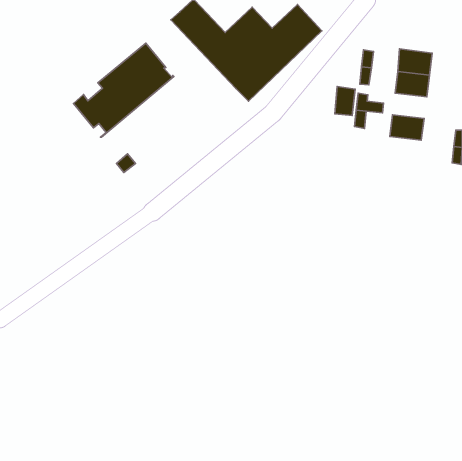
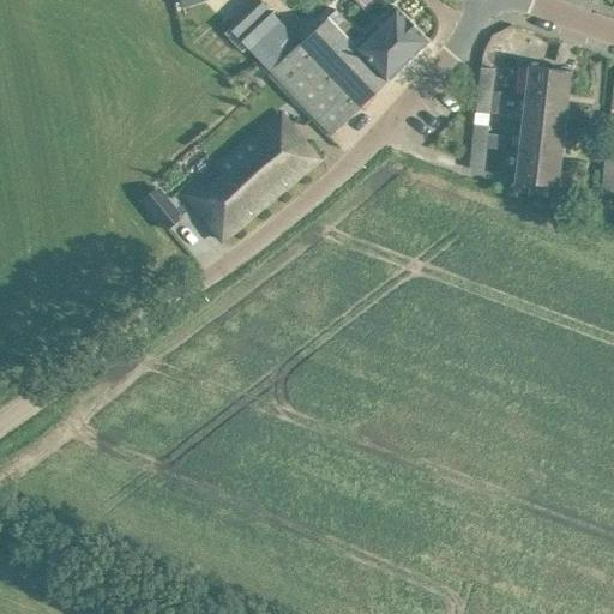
building: [74,43,174,137] -> [183,116,317,241]
building: [335,87,355,116] -> none
building: none -> [520,125,566,158]

